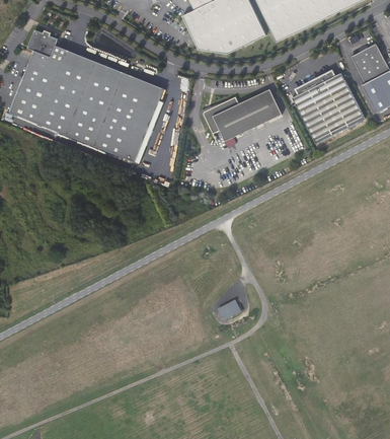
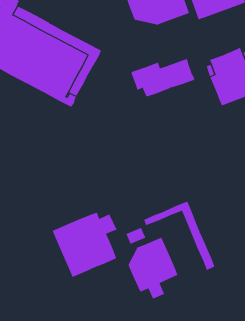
building: none -> [142,201,215,271]
building: none -> [52,212,117,278]
building: none -> [128,237,178,300]

